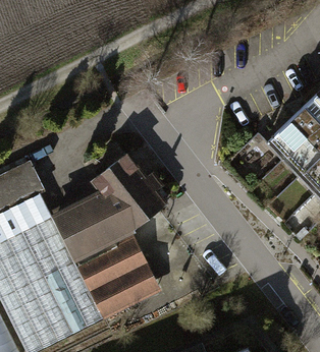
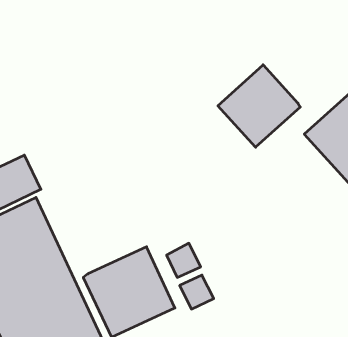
building: none -> [218,65,300,147]
building: [57,156,168,259] -> none

